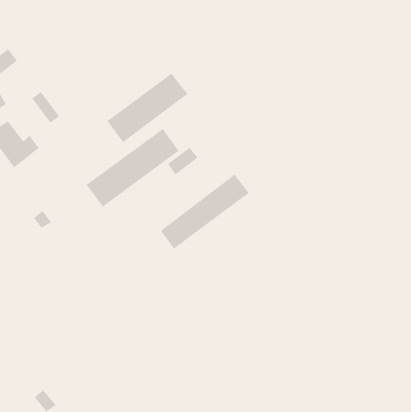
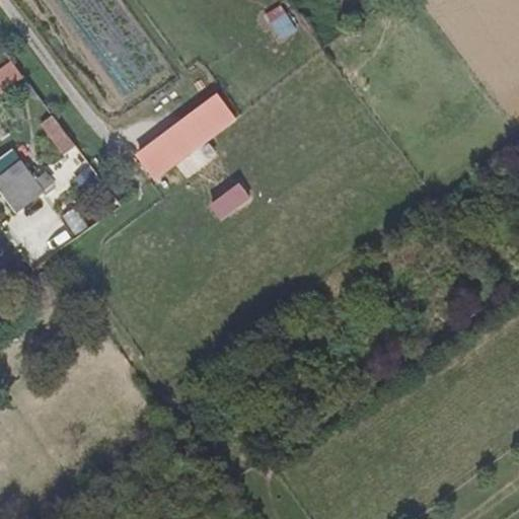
building: [86,128,179,208] -> none
building: [160,174,249,250] -> none

